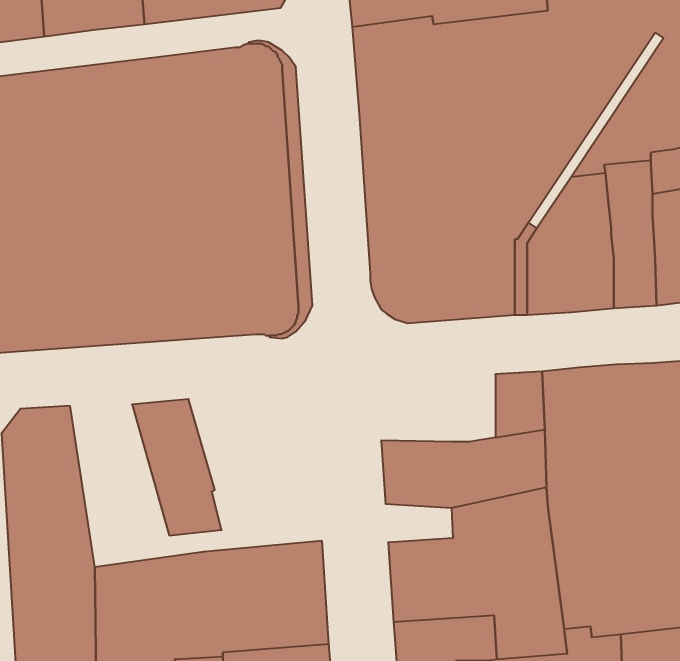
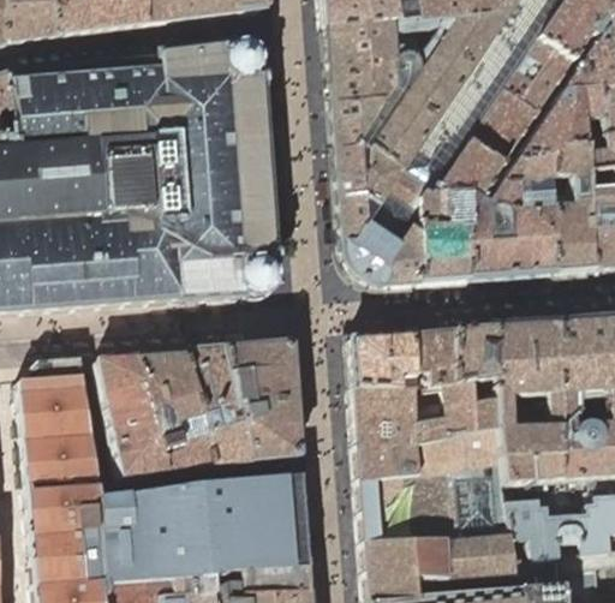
building: none -> [347,329,450,388]
building: none -> [181,340,298,465]
building: none -> [96,356,166,477]
building: none -> [354,442,413,476]

